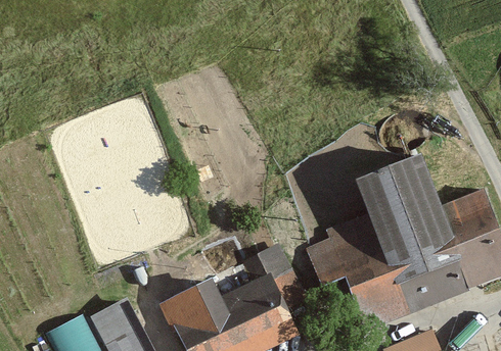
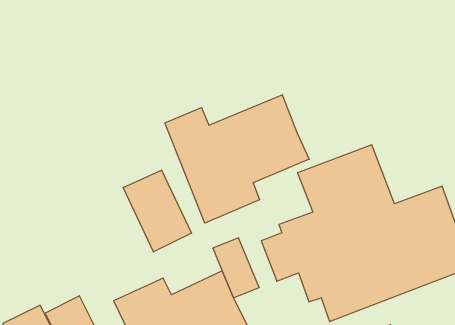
building: none -> [165,95,309,223]
building: none -> [123,170,192,252]

